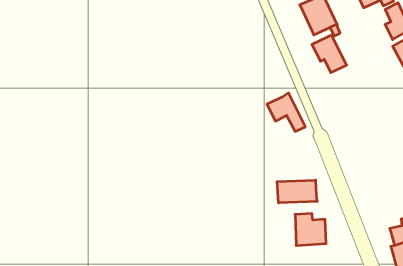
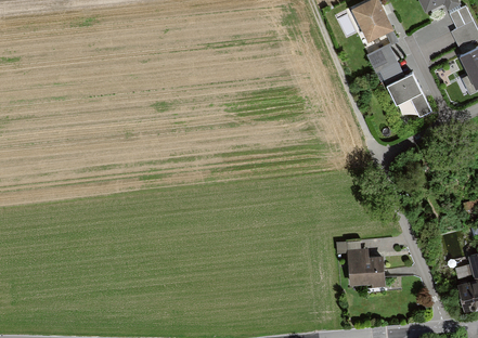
building: [267,93,305,131] -> [388,74,432,118]
building: [277,180,317,203] -> none

